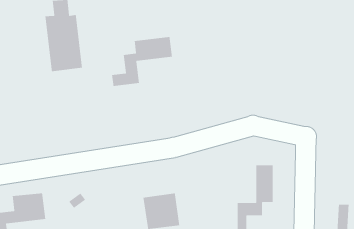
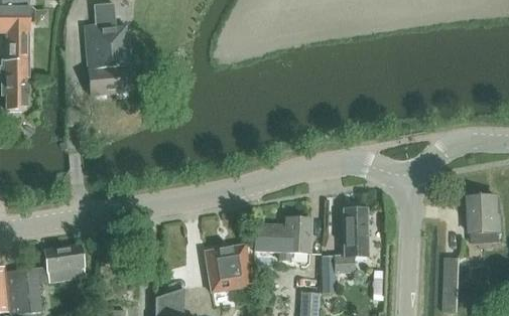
building: [111,36,173,87] -> none
building: none -> [255,217,310,259]

